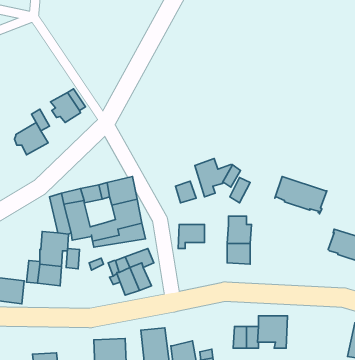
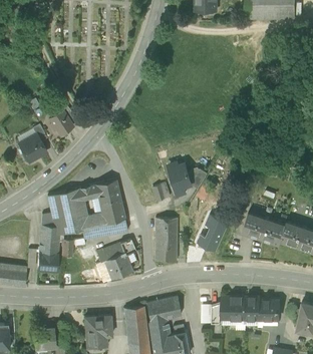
building: [275,177,327,214] -> [242,214,285,245]
building: none -> [154,234,177,260]
building: none -> [145,295,181,320]
building: none -> [245,295,279,325]

